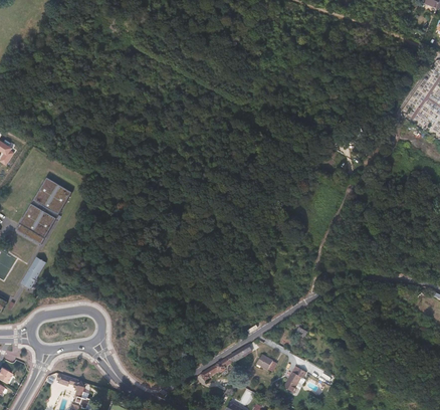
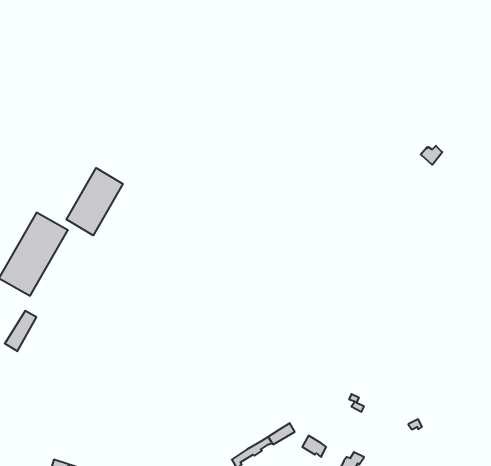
building: none -> [66,168,123,235]

